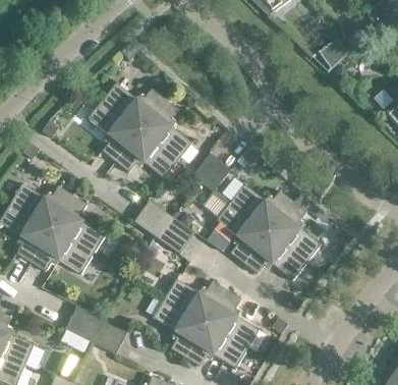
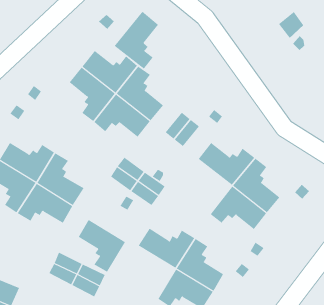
building: none -> [114,11,159,69]
building: [216,203,268,264] -> none
building: [153,298,206,358] -> [78,219,126,273]

